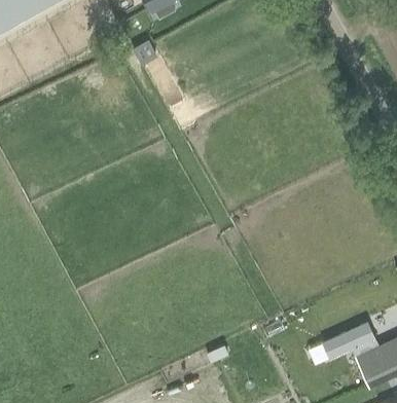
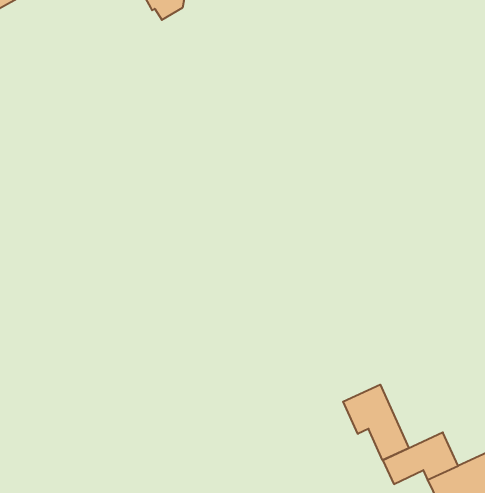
building: none -> [343,385,409,460]

